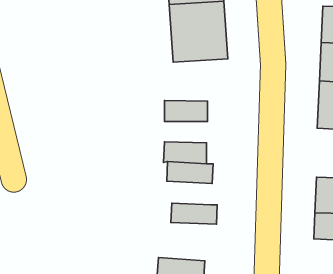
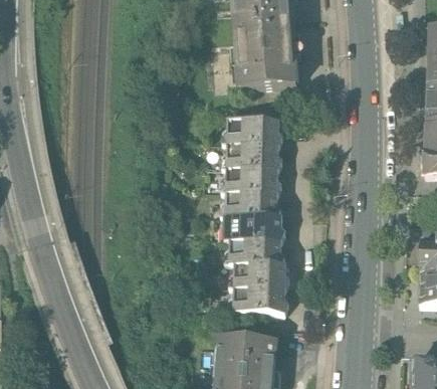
building: none -> [227,113,280,139]
building: none -> [227,164,280,190]
building: none -> [228,237,286,266]
building: none -> [234,288,291,316]

